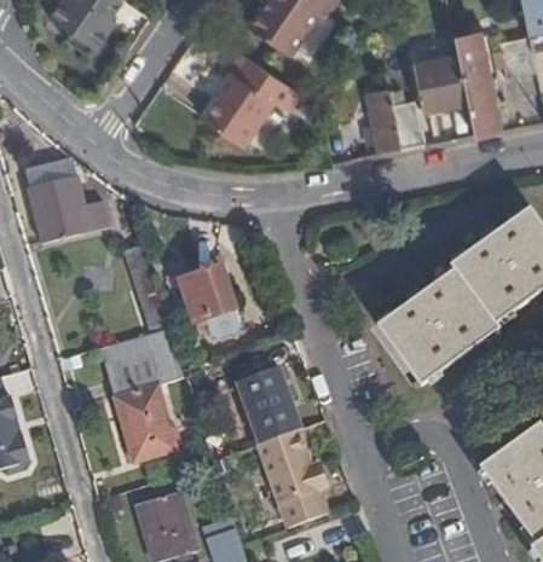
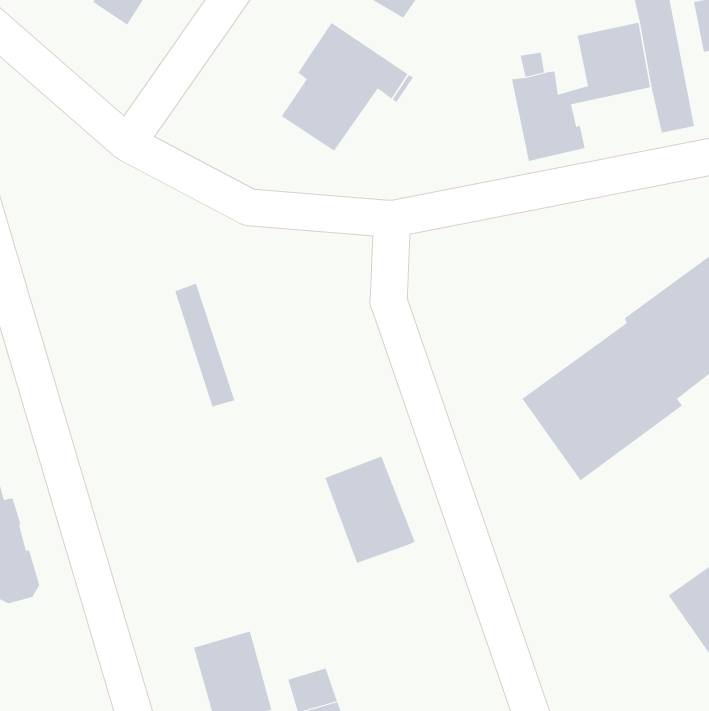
building: [25,157,112,242] -> none
building: [183,261,241,331] -> none
building: [103,332,186,462] -> none
building: [255,430,325,529] -> none

